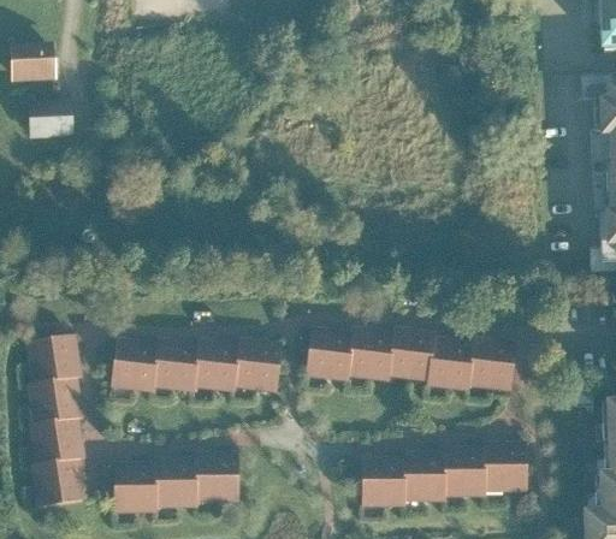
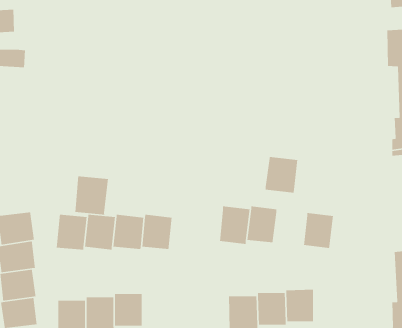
building: none -> [74,176,109,215]
building: [308,330,354,383] -> none
building: [427,338,475,392] -> [265,156,298,194]
building: [486,443,527,492] -> none

